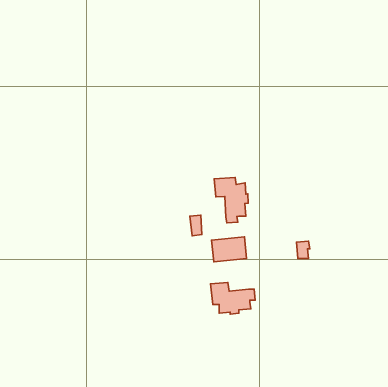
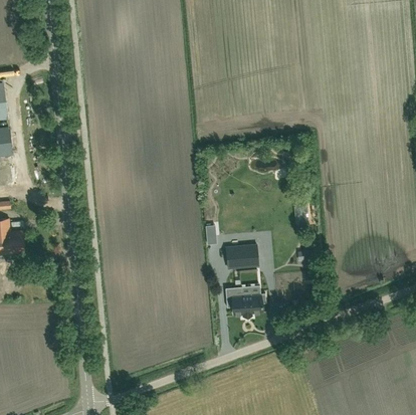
building: [214,178,248,223] -> none

